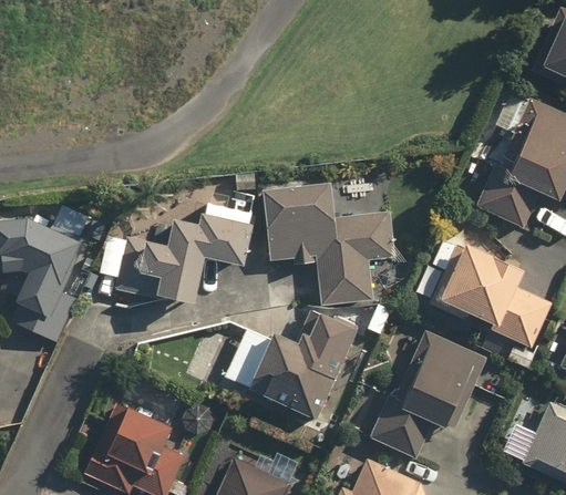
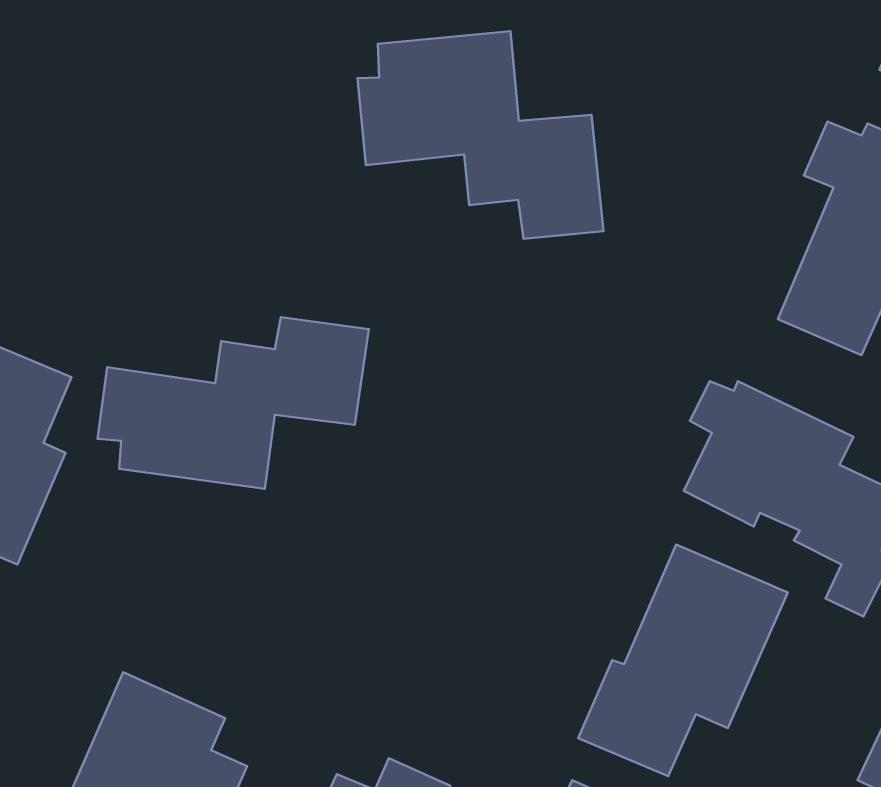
building: none -> [357,31,603,239]
building: [261,182,393,303] -> none
building: [224,309,360,420] -> none

